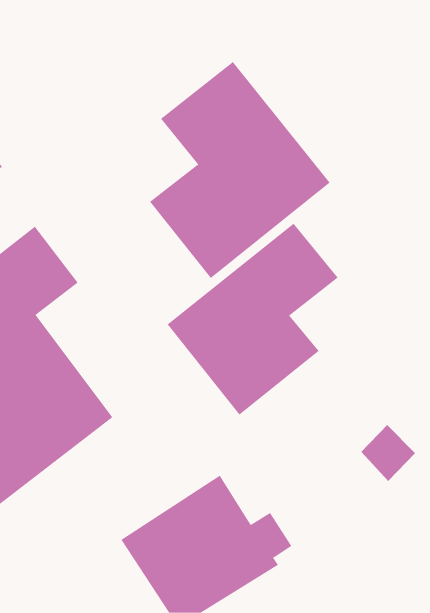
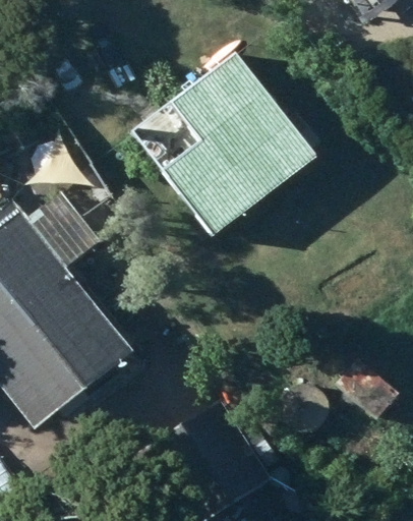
building: [167,223,338,415] -> none

